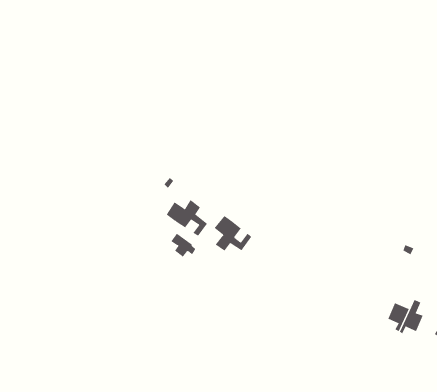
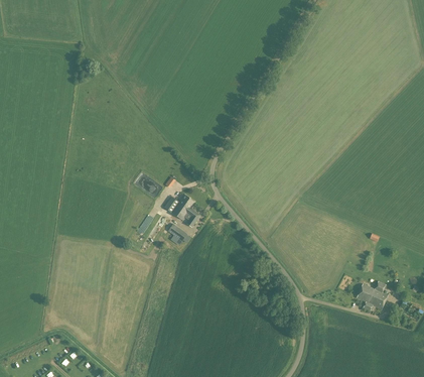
building: [214,215,252,251] -> none

